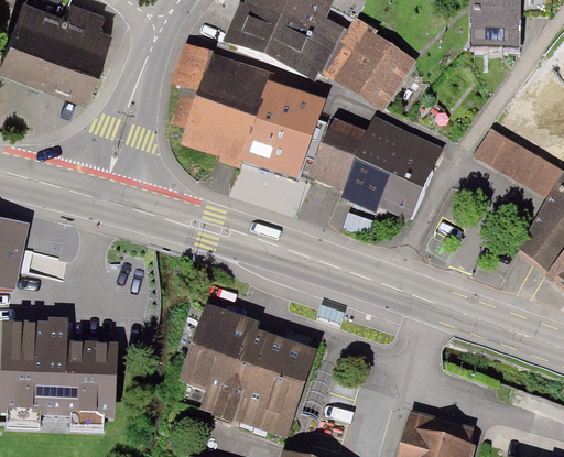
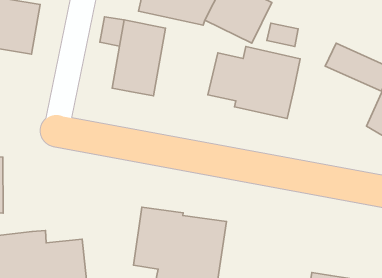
building: [239,76,321,182] -> none
building: none -> [267,23,298,47]

